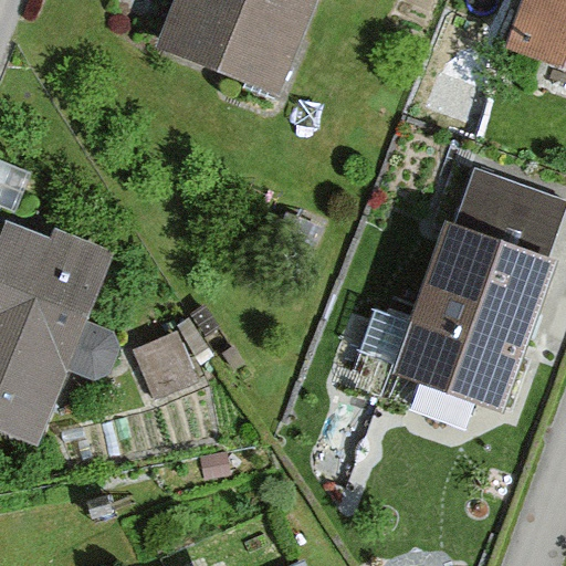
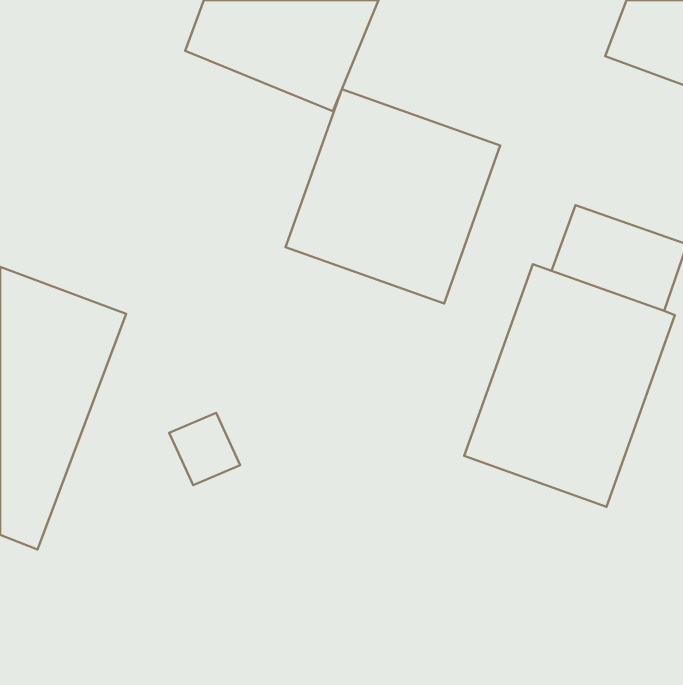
building: none -> [286,89,500,304]

